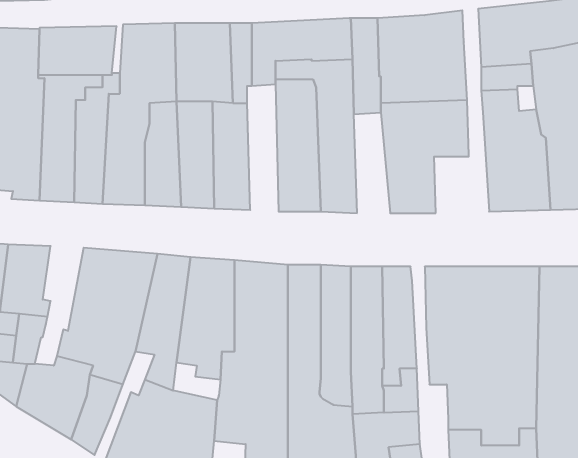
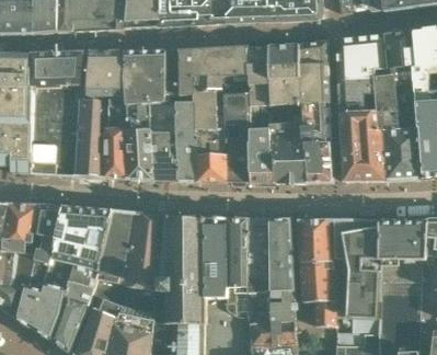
building: none -> [175,92,197,181]
building: none -> [250,112,275,182]
building: none -> [306,142,333,182]
building: none -> [33,205,61,264]

